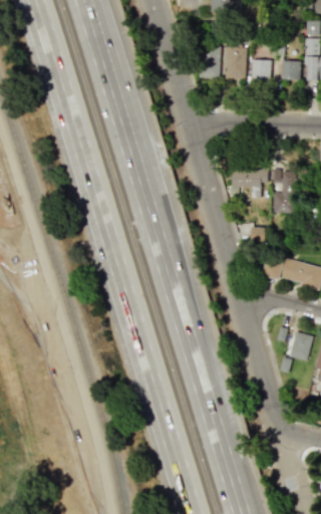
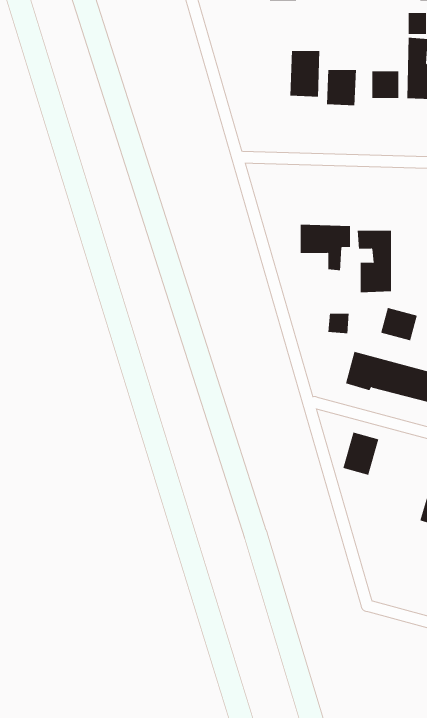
building: [198,45,220,77] -> none
building: none -> [381,307,417,341]
building: [289,330,314,360] -> [343,432,379,476]

